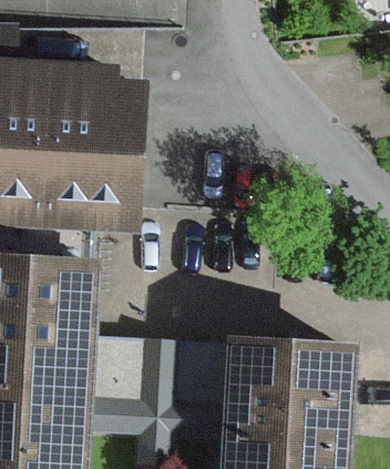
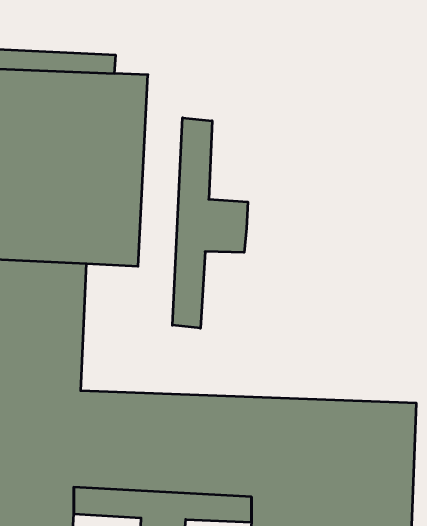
building: none -> [172,118,248,328]

